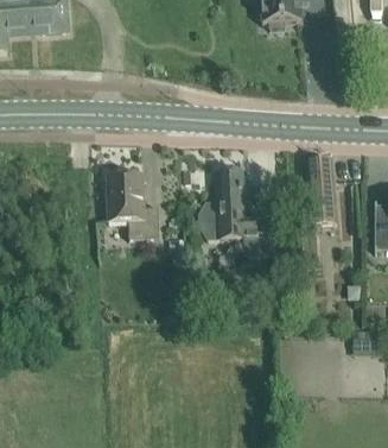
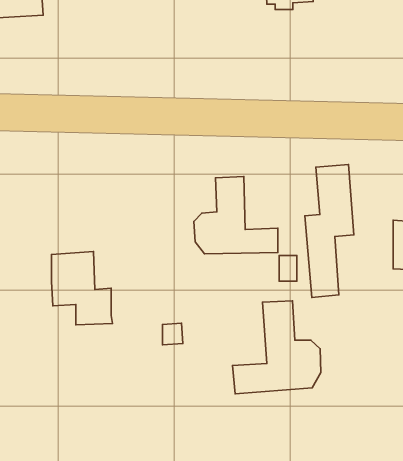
building: [107,173,160,238] -> [51,252,112,325]
building: none -> [233,301,321,394]

